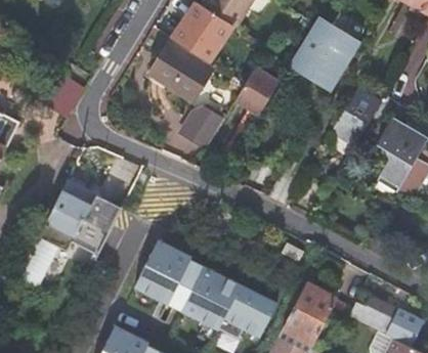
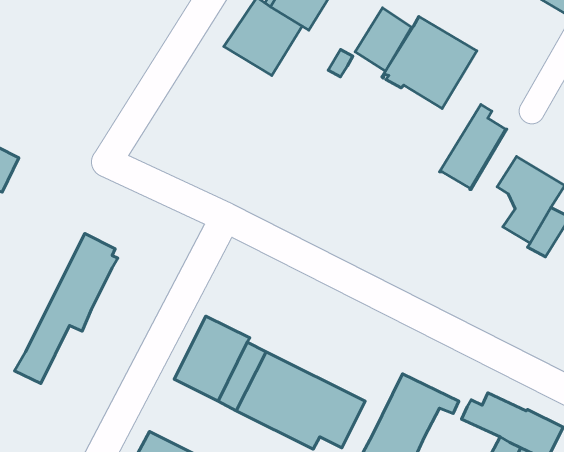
building: [148,42,208,99] -> none
building: [236,67,277,114] -> [355,8,412,71]
building: [180,108,222,148] -> none
building: [73,191,124,255] -> none

